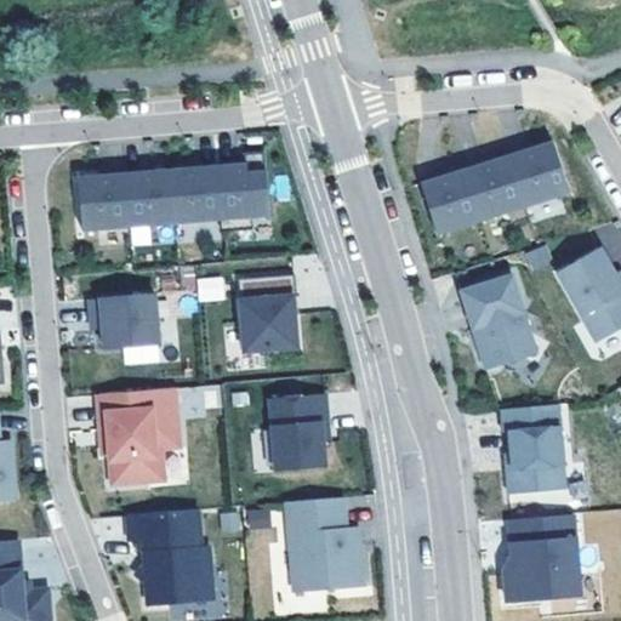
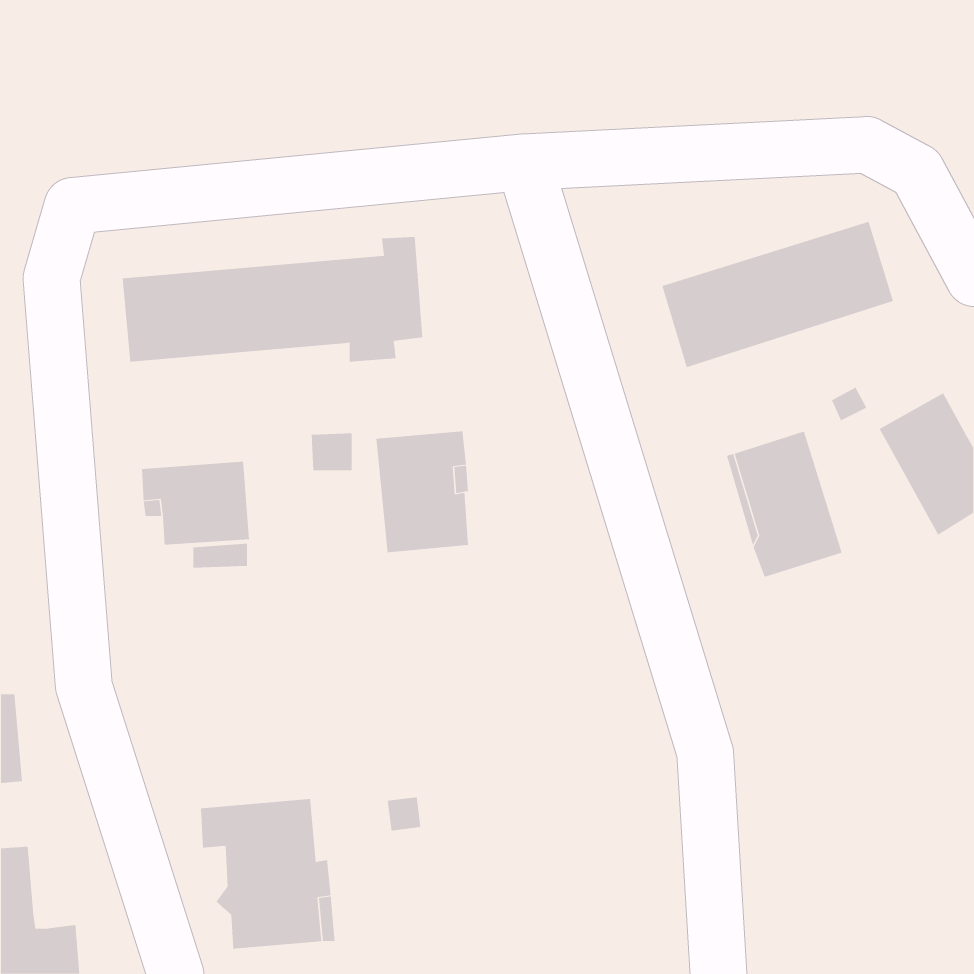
building: [97,388,181,484] -> none
building: [269,393,327,469] -> none
building: [501,403,566,492] -> none
building: [287,496,364,592] -> none
building: [505,513,580,602] -> none

